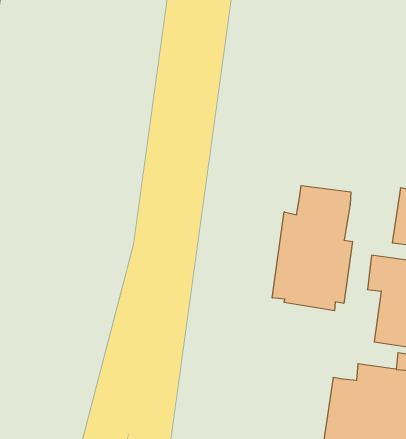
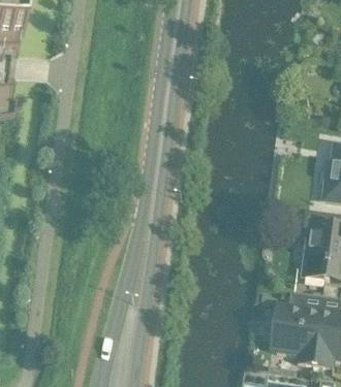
building: [272,186,352,311] -> none

